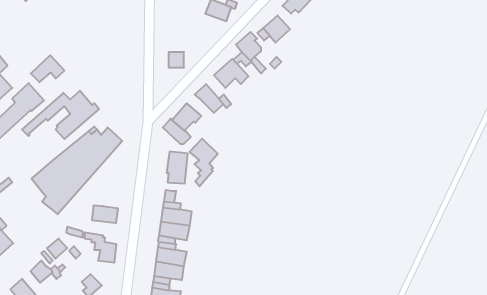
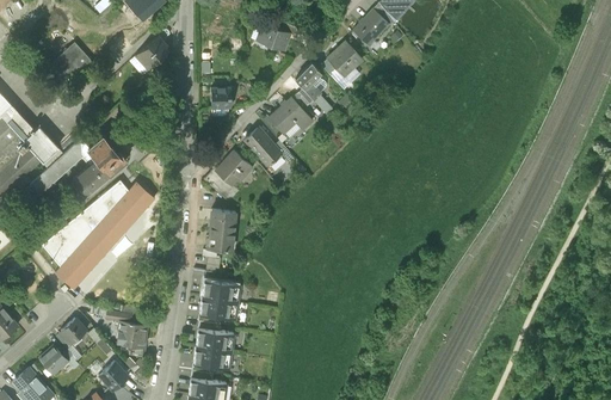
building: none -> [135,31,169,70]
building: [31,55,64,82] -> [49,43,91,76]
building: [190,139,218,186] -> none
building: [92,205,118,223] -> none

